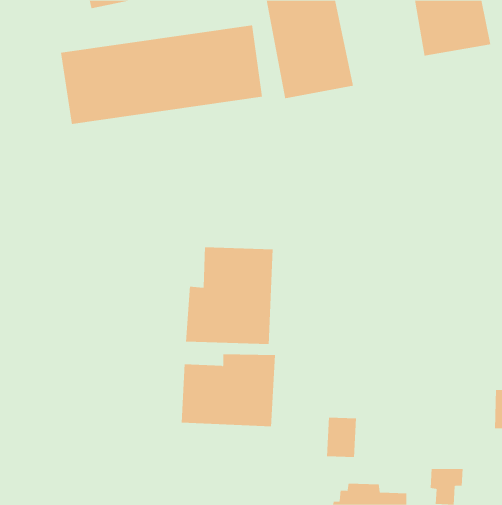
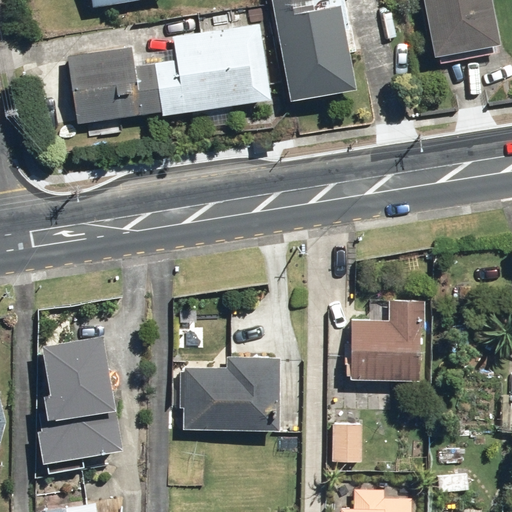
building: [185,246,273,345] -> none
building: none -> [351,299,426,381]
building: none -> [41,336,119,461]

